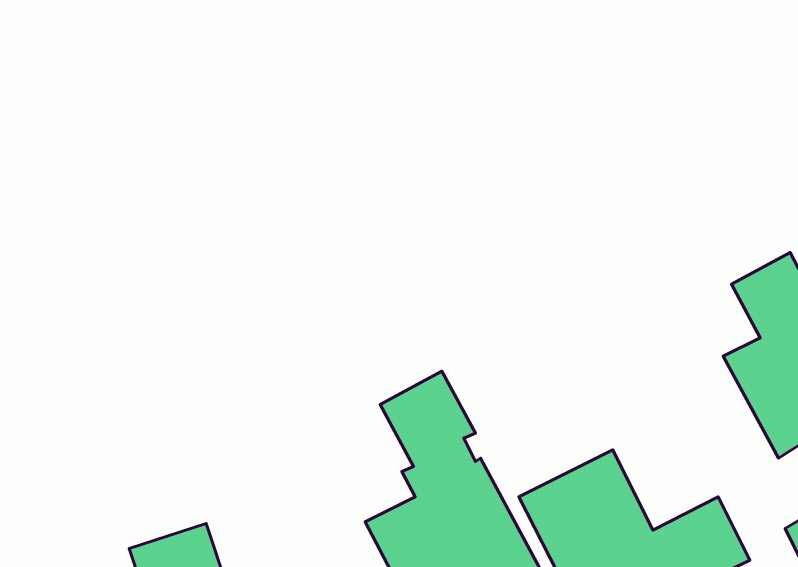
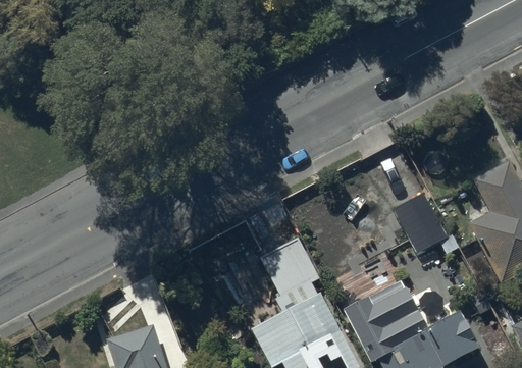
building: none -> [393,191,450,253]

